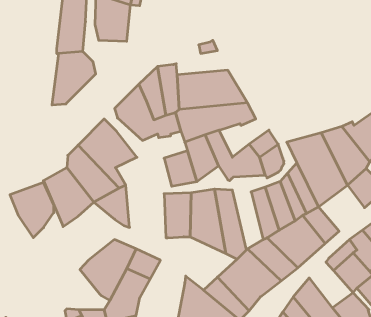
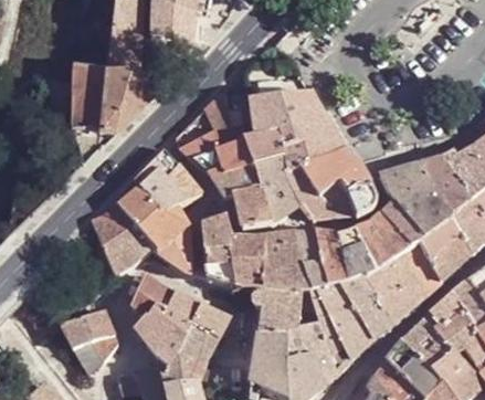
building: none -> [72,63,109,134]
building: none -> [299,148,358,193]
building: none -> [209,162,262,197]
building: none -> [196,215,236,288]
building: [10,183,54,238] -> [64,308,116,373]
building: none -> [417,227,471,281]
building: none -> [315,232,351,303]
building: none -> [130,271,176,315]
building: none -> [253,287,320,350]
building: none -> [407,317,457,371]

